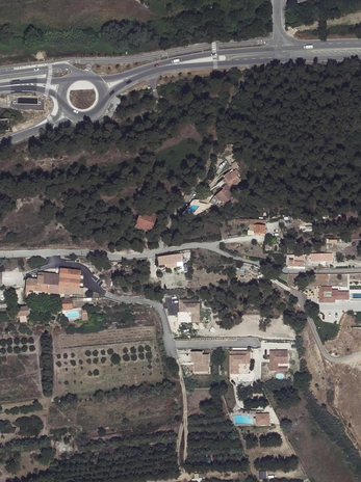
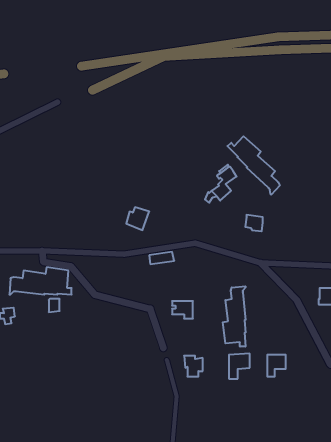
building: none -> [227,136,280,195]
building: none -> [223,286,245,347]

